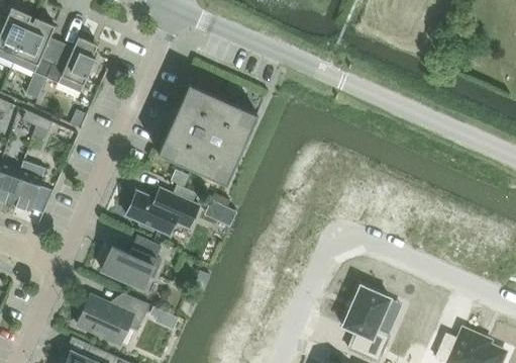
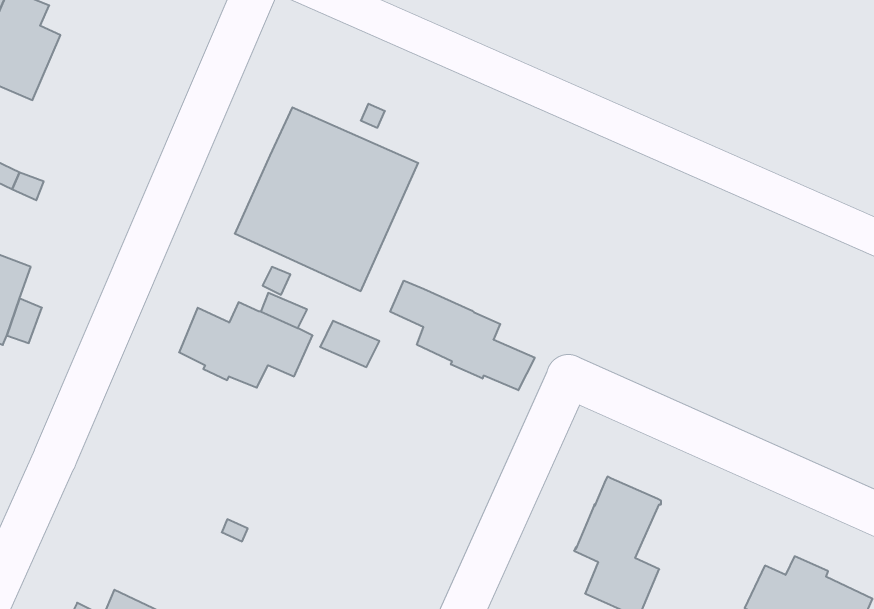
building: [47,37,100,94] -> none
building: none -> [390,281,535,390]
building: [102,238,162,290] -> none
building: [78,294,150,346] -> none

